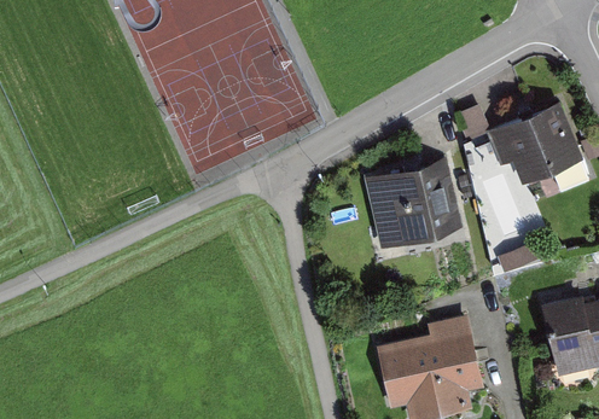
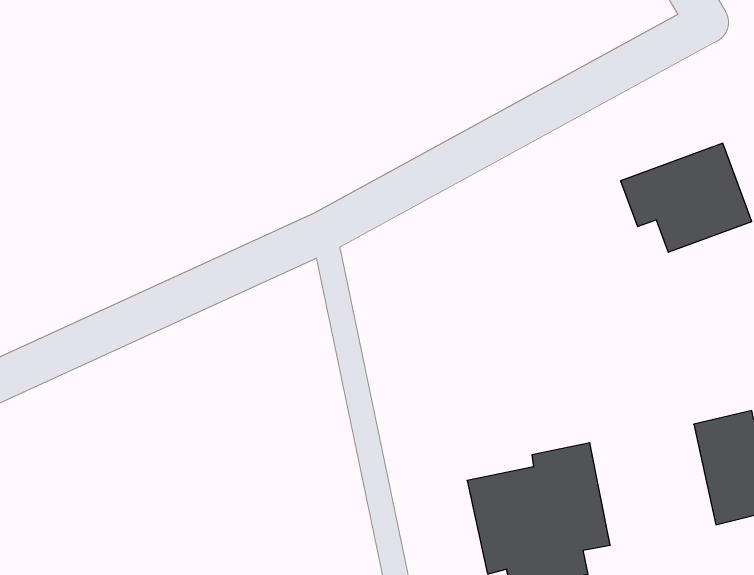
building: [364,159,461,250] -> none

